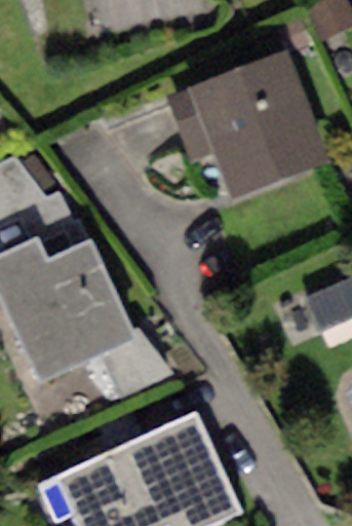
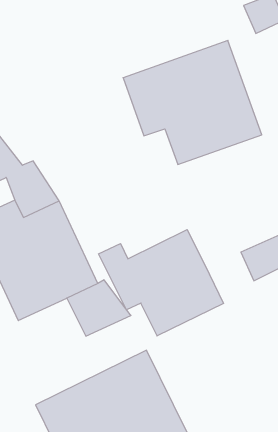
building: none -> [99,230,224,336]

